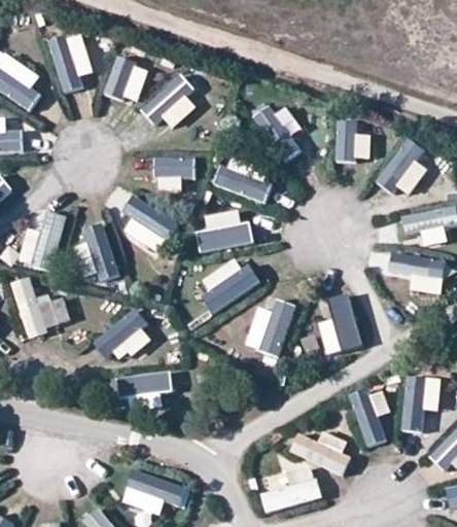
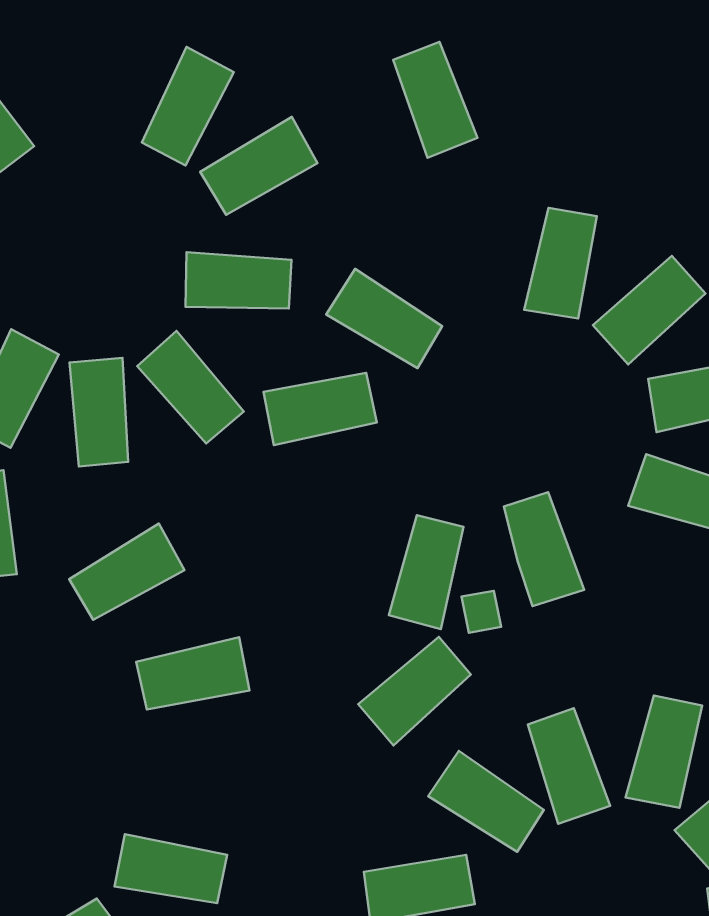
building: [55,32,90,92] -> none
building: [257,107,306,171] -> [393,42,477,158]
building: [197,264,257,324] -> [358,637,471,746]

